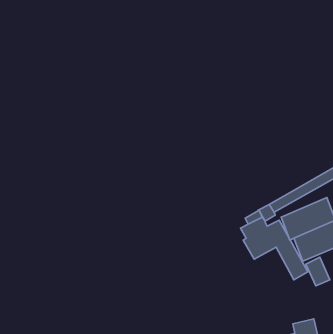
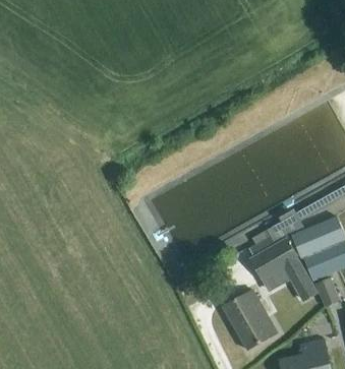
building: none -> [222,290,277,350]

